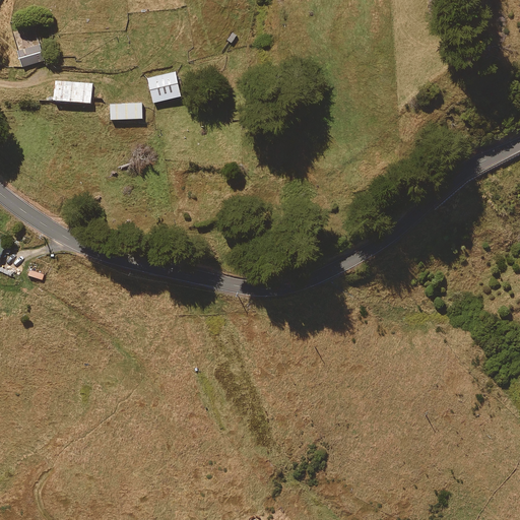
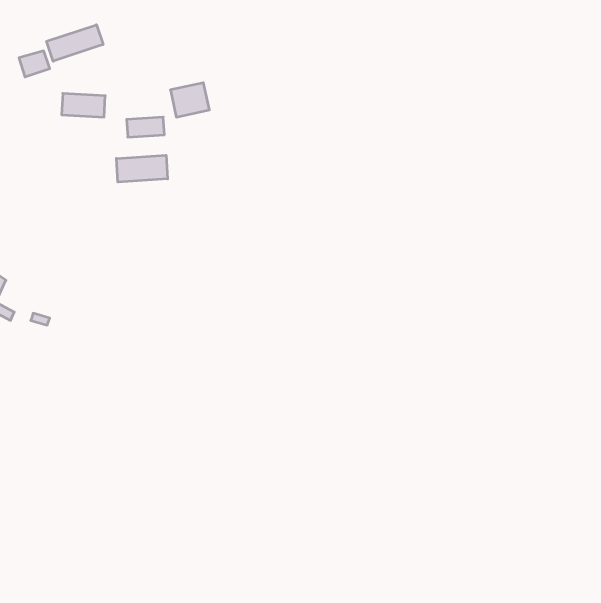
building: none -> [47,25,103,61]
building: none -> [116,155,168,182]

